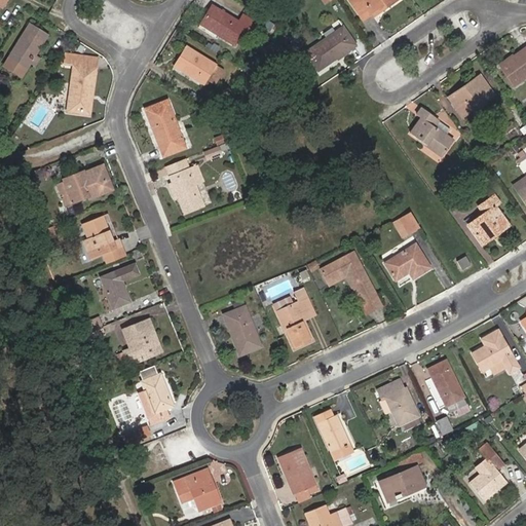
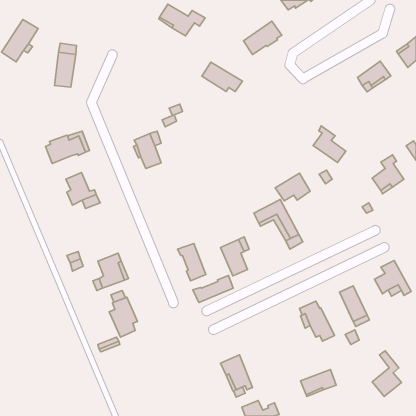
building: [174,47,225,84] -> [202,62,243,92]
building: [146,101,185,155] -> none
building: [411,108,452,154] -> [313,126,346,163]
building: [385,245,429,279] -> [275,173,310,201]
building: [102,264,140,308] -> none
building: none -> [193,276,233,302]
building: [316,410,352,460] -> none
building: [178,468,220,511] -> none

